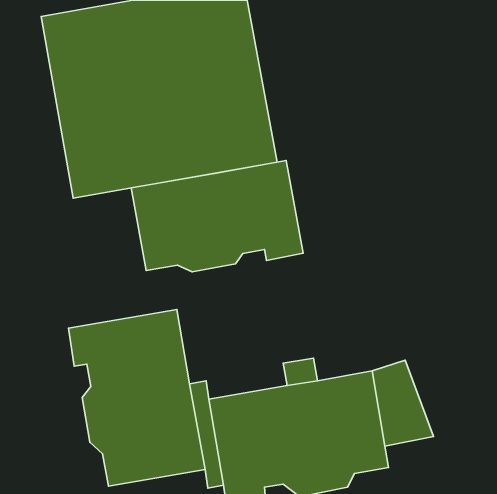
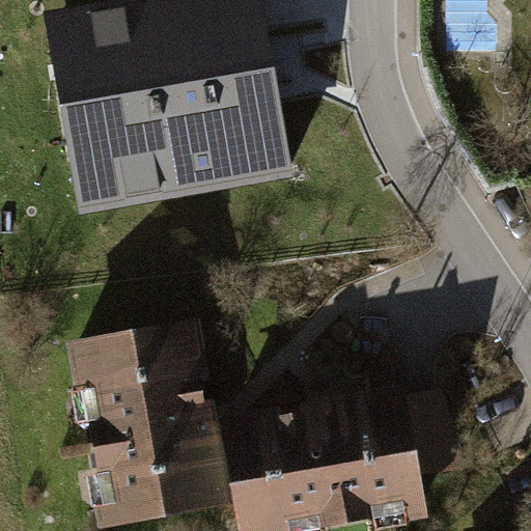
building: [131,161,303,272] -> none

